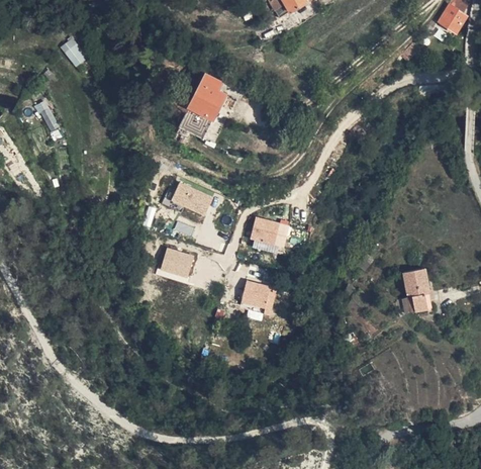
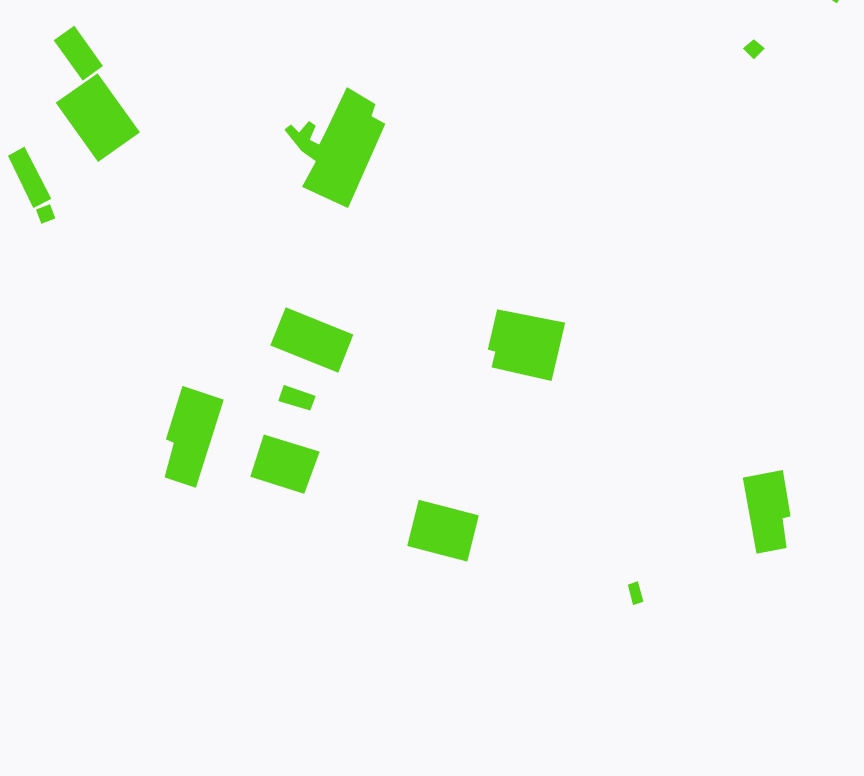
building: none -> [55,72,141,163]
building: [248,217,288,255] -> [487,308,566,382]
building: none -> [163,385,225,489]

